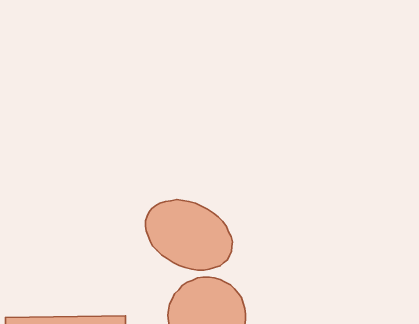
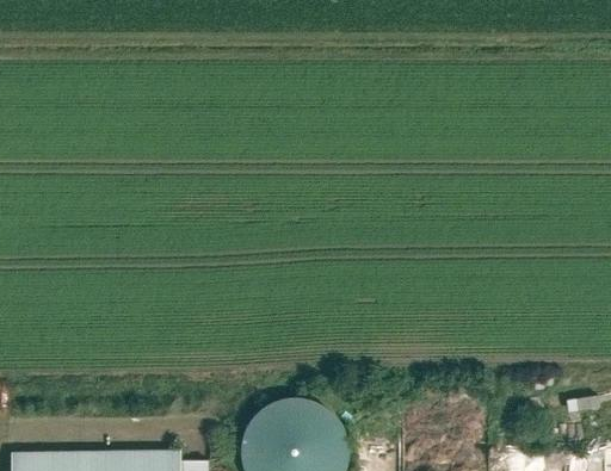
building: [146,200,232,270] -> none

